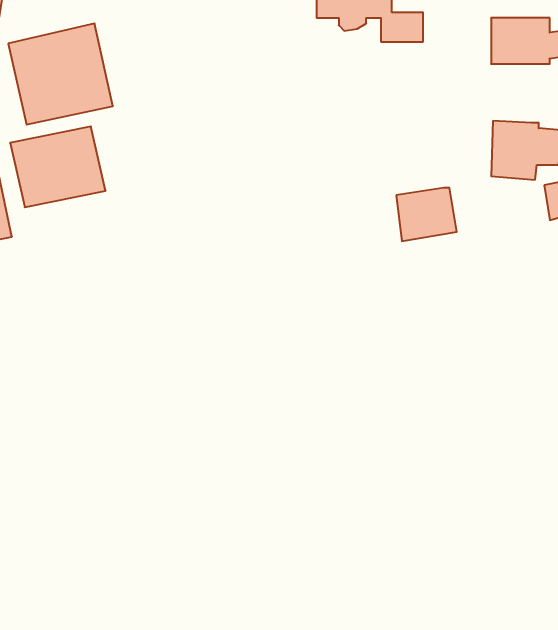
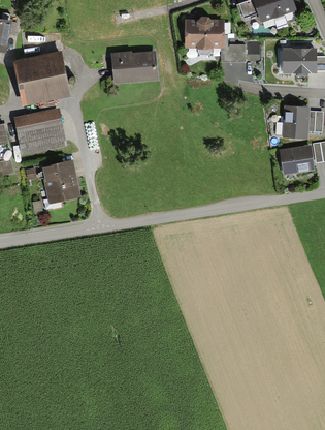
building: none -> [110,50,158,83]
building: [396,188,457,241] -> [280,145,314,175]
building: none -> [41,161,79,202]

